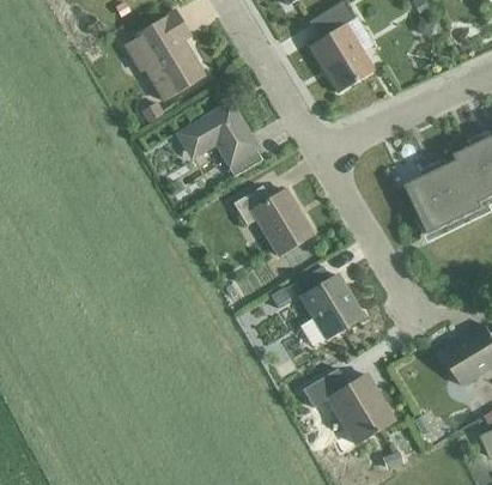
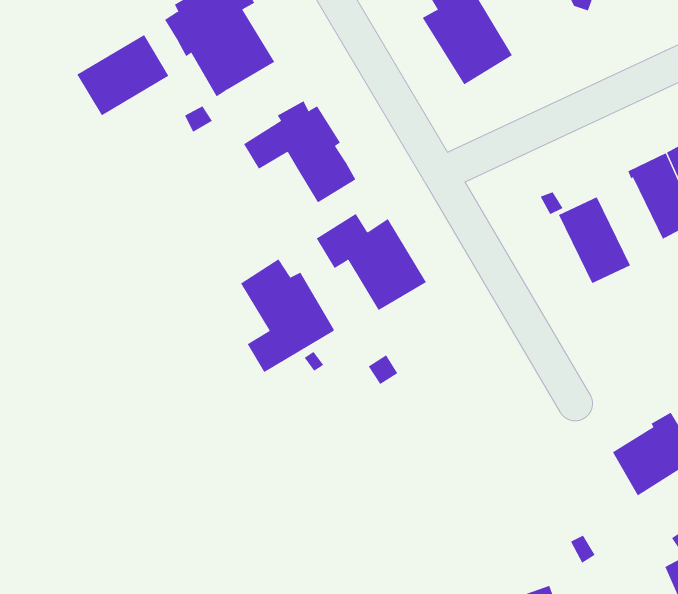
building: none -> [77,34,169,116]
building: [433,158,484,220] -> none
building: [294,263,362,345] -> [240,258,335,373]
building: [303,368,394,447] -> none

